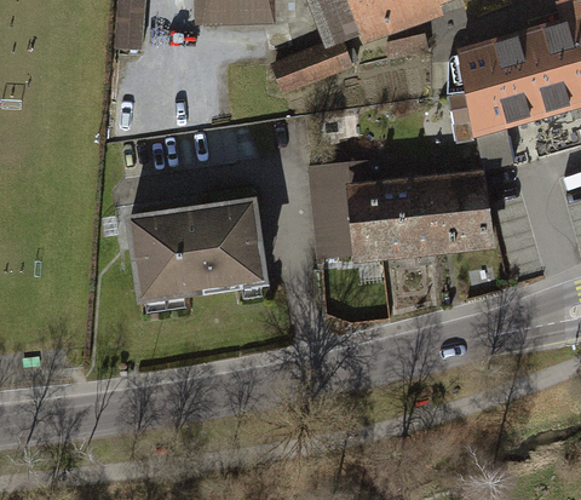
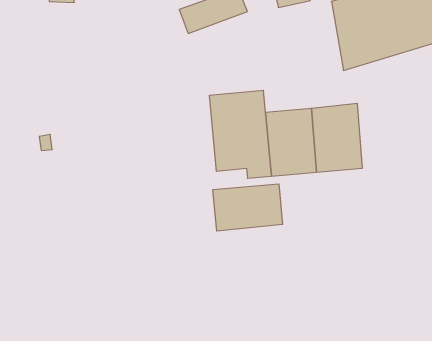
building: [125,200,271,305] -> none
building: none -> [213,184,283,231]

